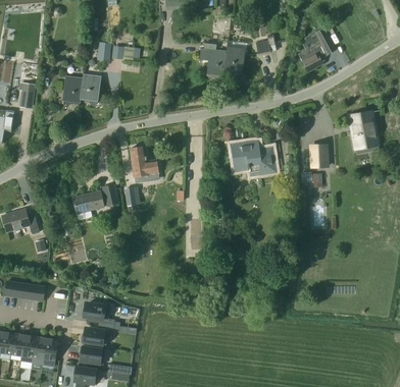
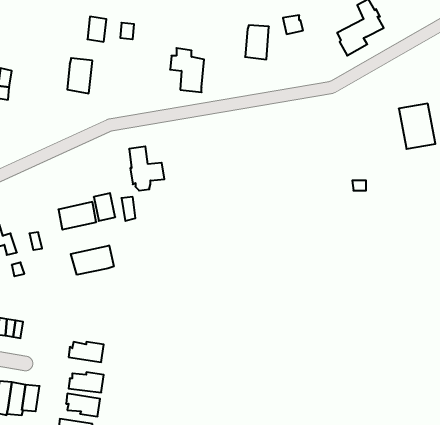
building: [198,42,226,77] -> [170,48,204,92]
building: [61,76,82,104] -> none
building: [232,142,274,175] -> none
building: [309,144,328,167] -> none
building: none -> [71,245,114,275]

